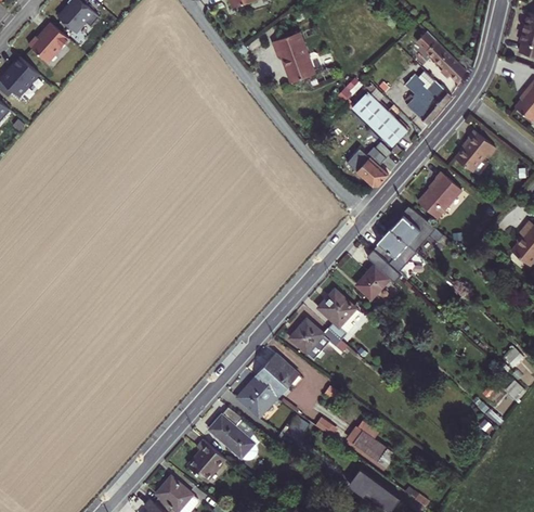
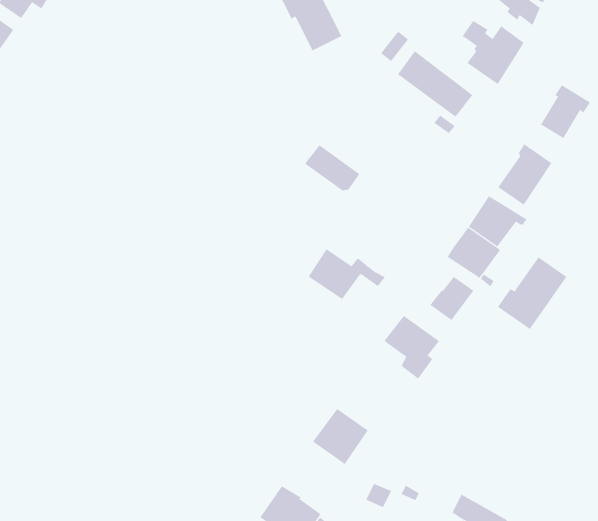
building: [347,149,388,185] -> [304,144,360,191]
building: none -> [497,256,567,330]
building: [289,318,348,358] -> [308,248,386,300]
building: [236,376,277,418] -> none

